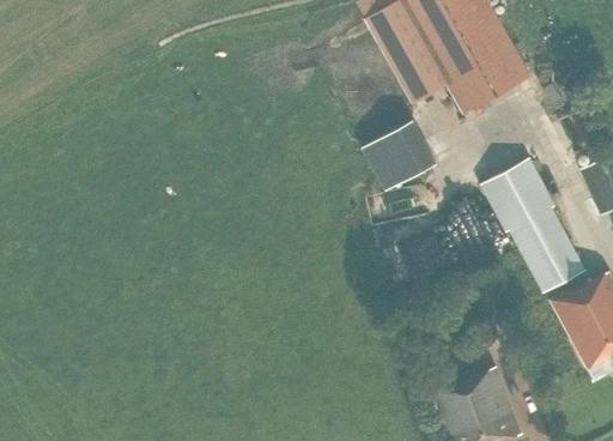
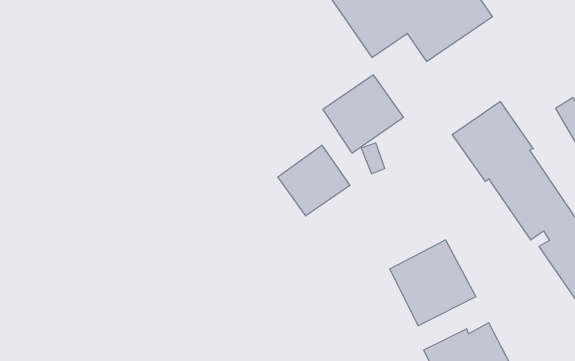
building: none -> [278,145,350,216]
building: none -> [390,240,476,326]

